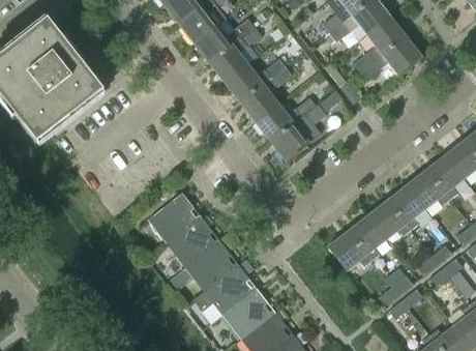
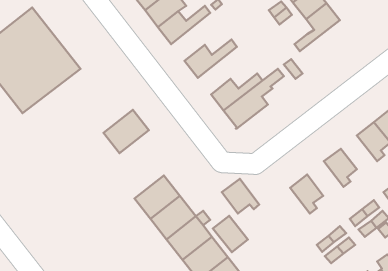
building: [209,27,261,83] -> none
building: [359,35,421,80] -> none
building: [240,66,292,122] -> none
building: [407,170,449,209] -> none
building: [148,193,201,243] -> [103,110,149,153]
building: [367,200,410,240] -> none
building: [327,231,370,271] -> [222,179,259,213]
building: none -> [213,216,248,252]

